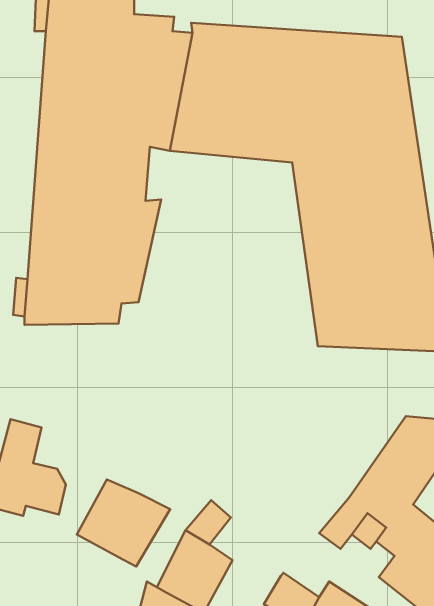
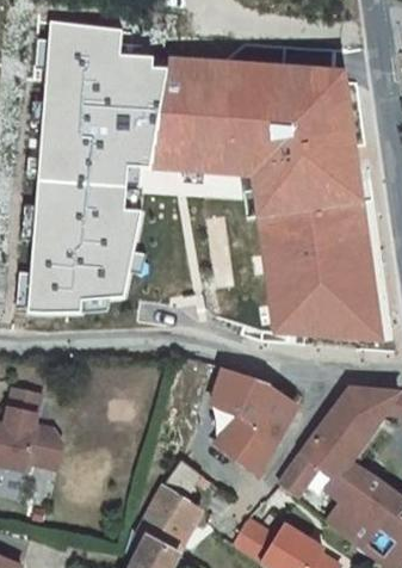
building: none -> [211,368,293,474]
building: [77,479,170,566] -> none

